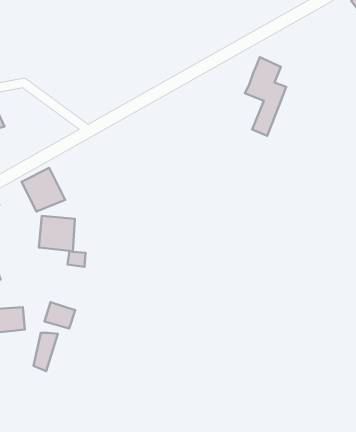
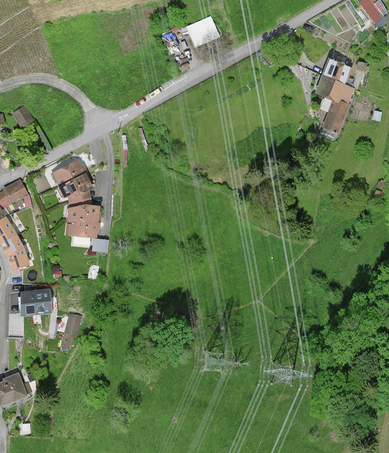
building: [245,57,286,136] -> [316,59,355,133]
building: [44,302,75,329] -> none

